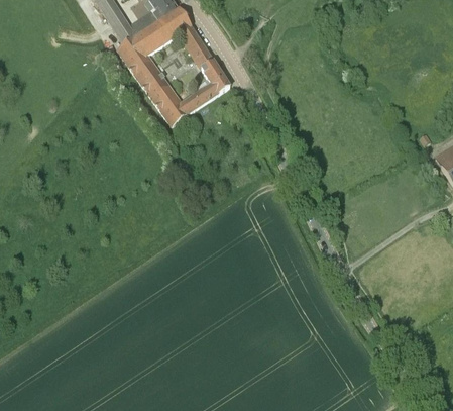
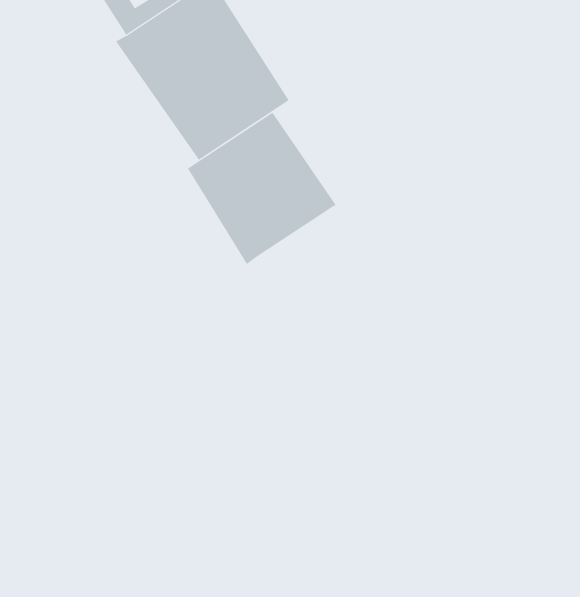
building: none -> [187,112,336,265]

